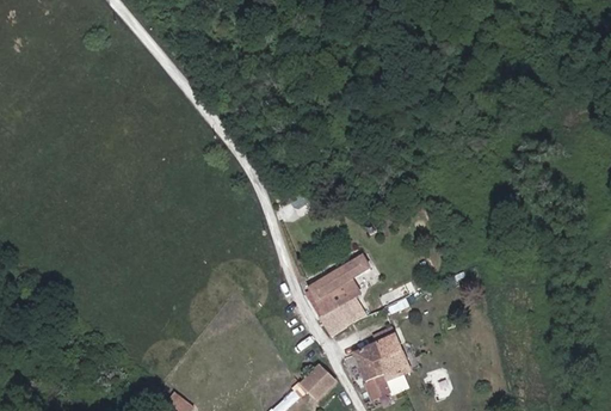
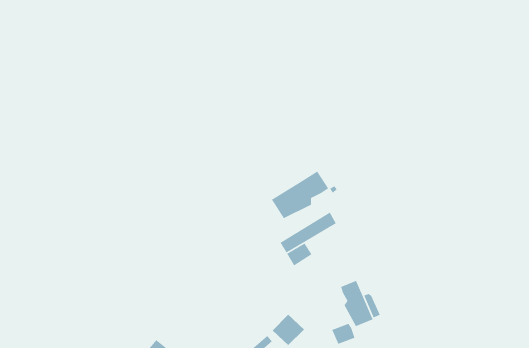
building: none -> [271,171,329,219]
building: [319,300,357,336] -> none
building: [353,342,390,381] -> none

